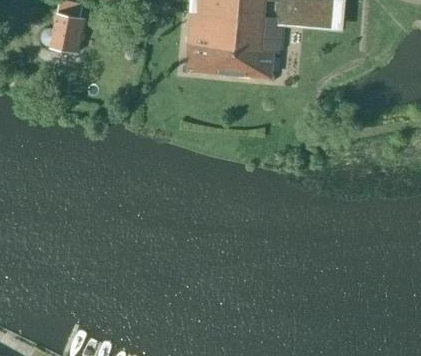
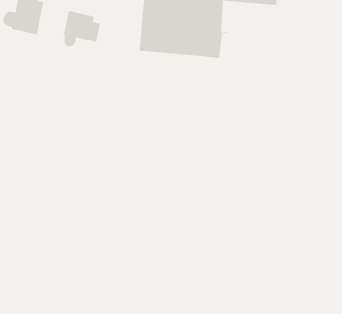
building: none -> [63,10,100,47]

